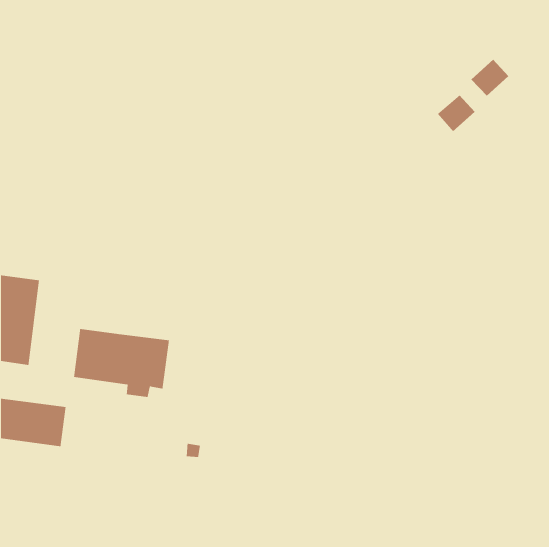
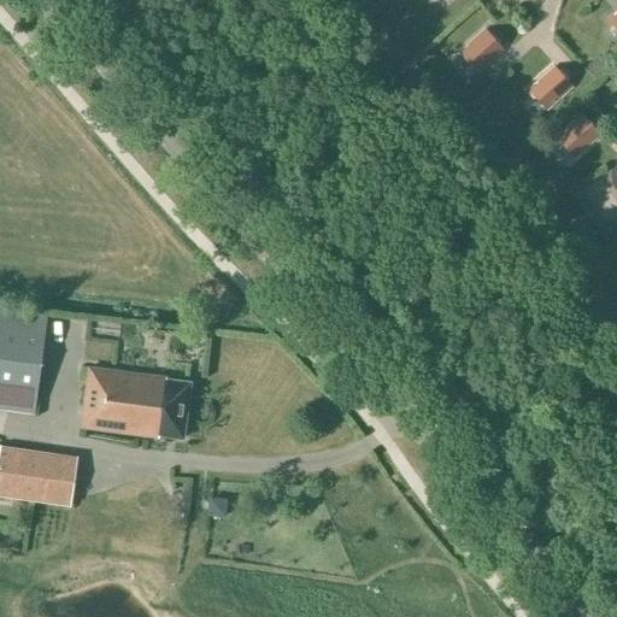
building: none -> [459,29,503,71]
building: [437,95,476,132] -> [556,114,599,157]

